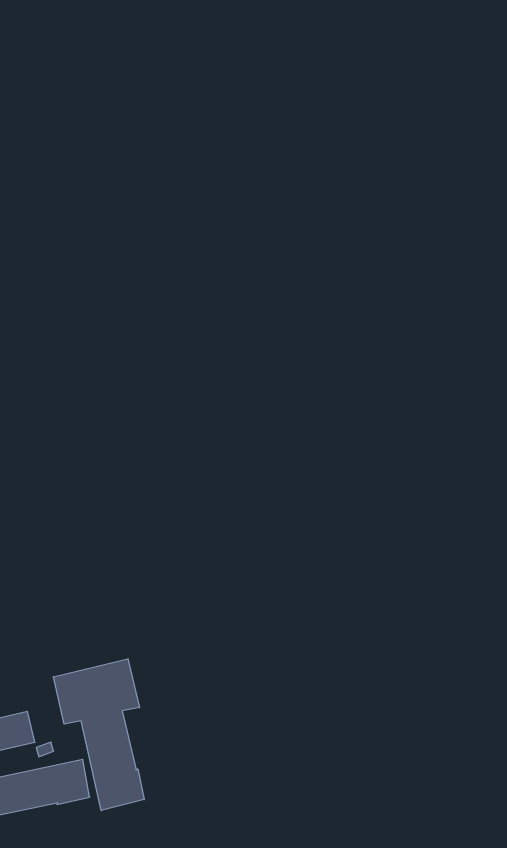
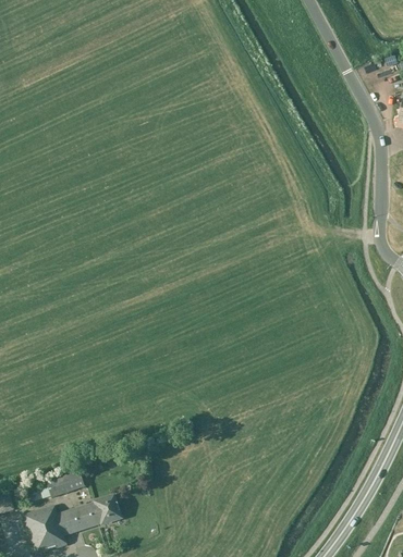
building: [53,659,144,811] -> none

